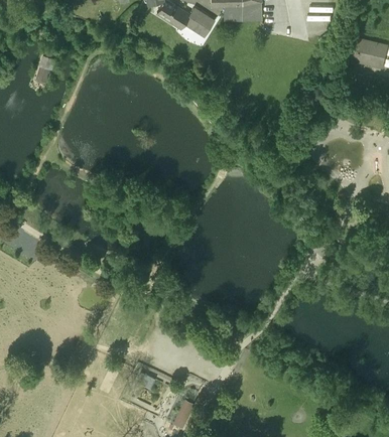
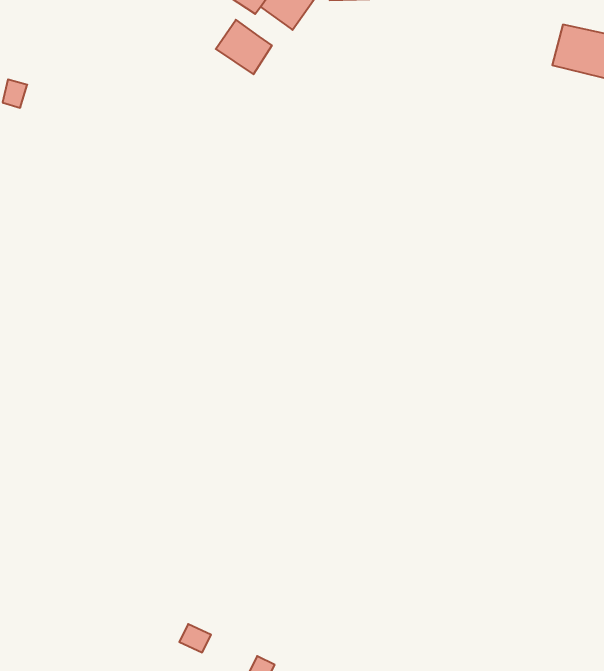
building: none -> [216,20,272,74]

